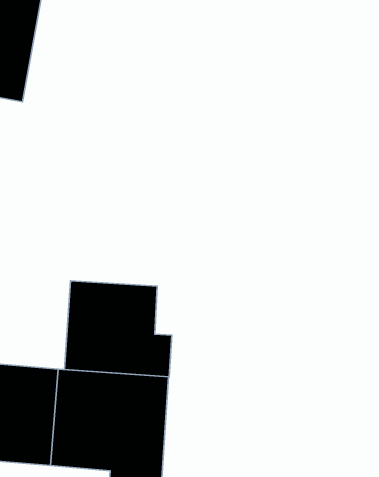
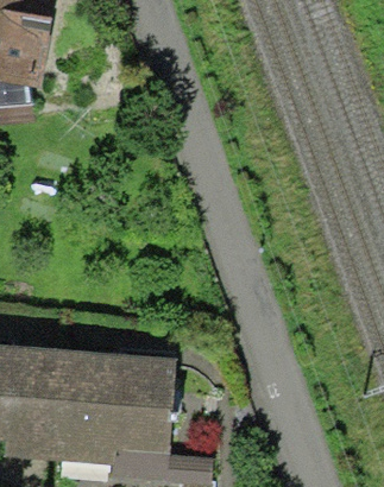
building: [64,281,172,377] -> none

